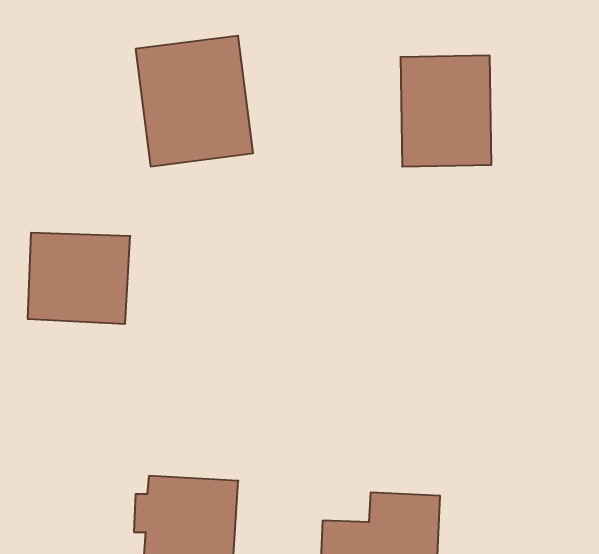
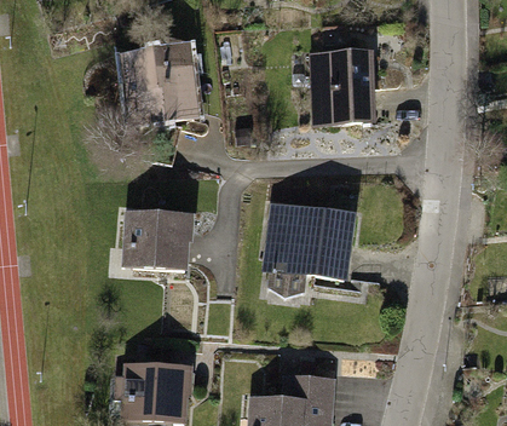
building: [28,233,130,324] -> [119,208,194,275]
building: none -> [265,197,357,293]

